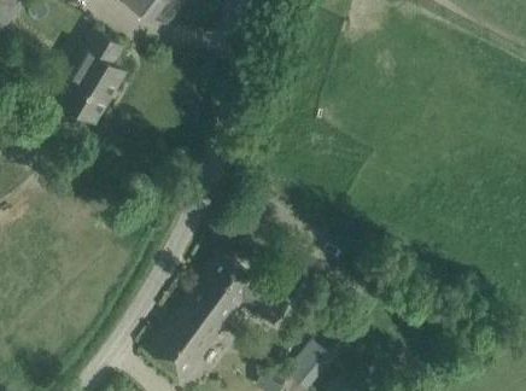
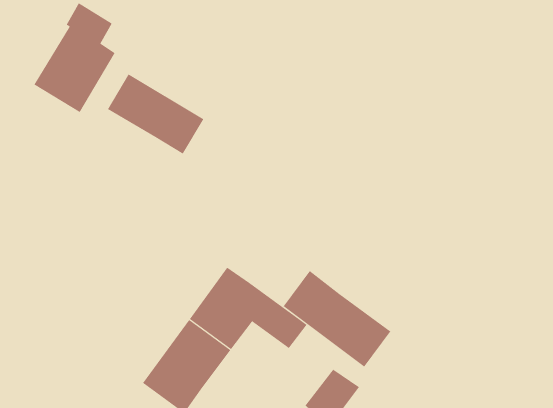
building: none -> [107,74,204,155]
building: none -> [283,270,391,367]

